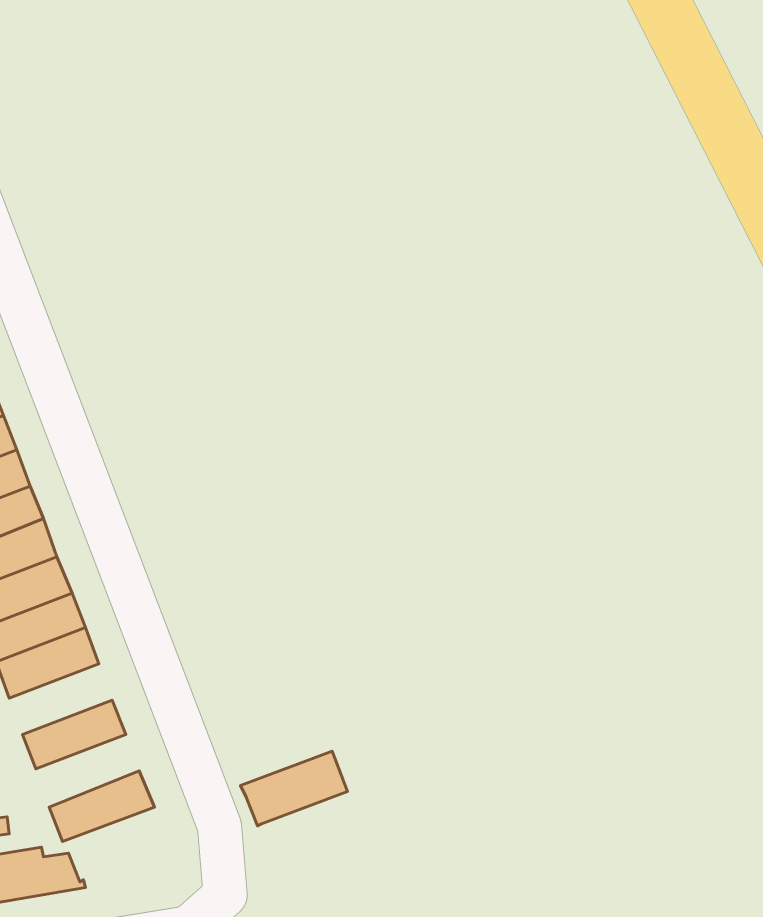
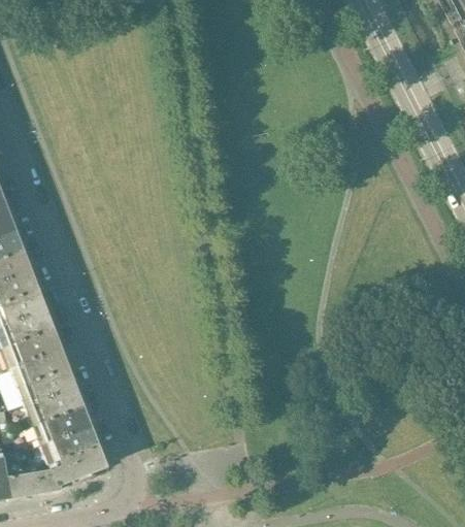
building: none -> [20,365,75,403]
building: none -> [34,403,90,442]
building: [240,751,347,826] -> [48,442,106,483]

